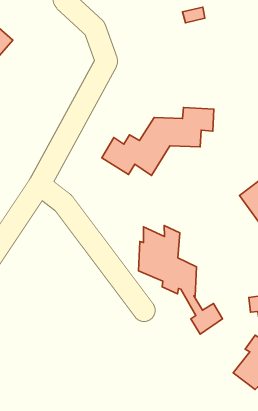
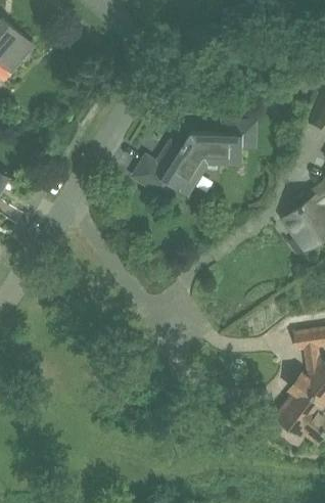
building: [139,226,223,334] -> none

